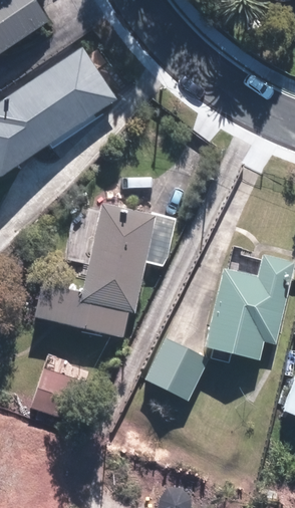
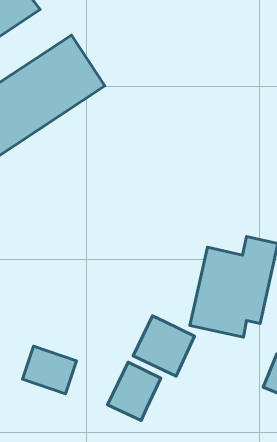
building: [34,204,176,335] -> none
building: none -> [108,362,161,420]

